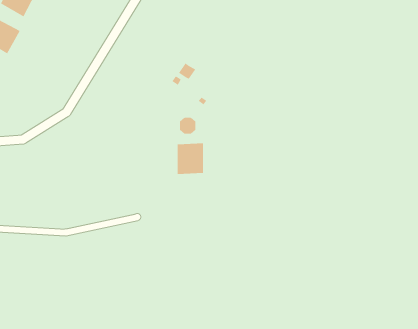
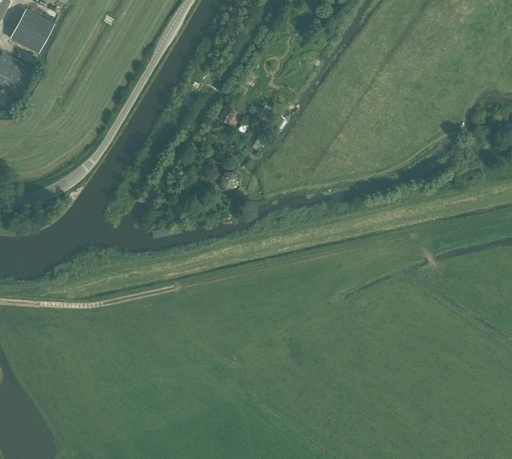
building: [177,143,203,175] -> none

